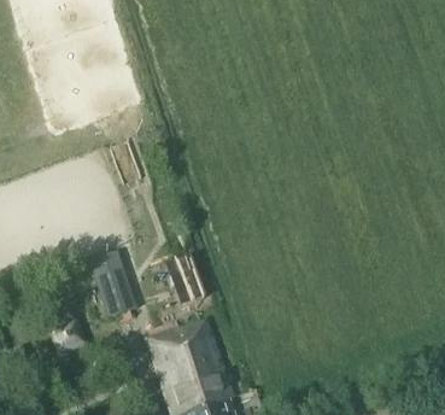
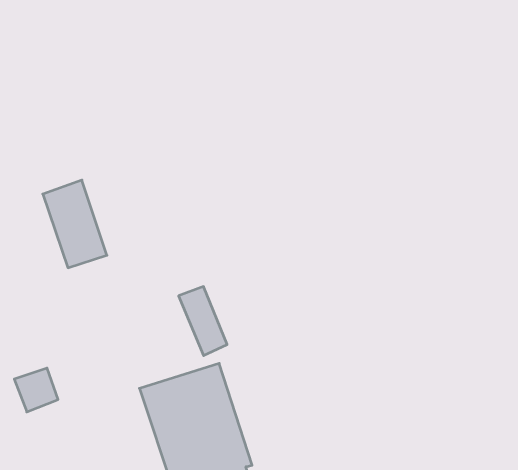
building: [89,252,139,320] -> [43,180,107,268]

